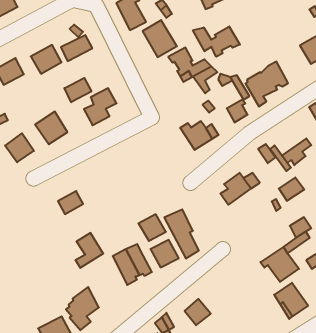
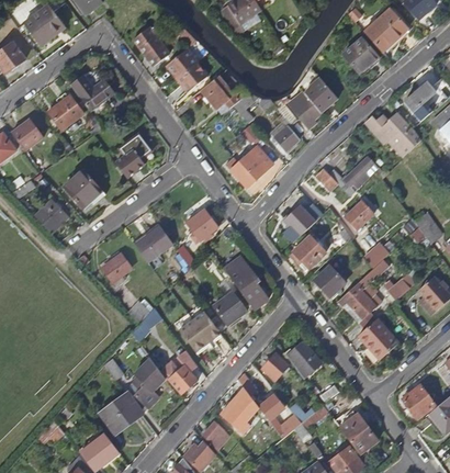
building: [193,26,240,57] -> none
building: [64,78,91,102] -> none
building: none -> [134,225,171,260]
building: none -> [292,235,325,268]
building: [138,214,166,241] -> [185,210,217,240]
building: none -> [313,266,345,296]
building: none -> [160,352,199,394]
building: none -> [284,342,316,378]

